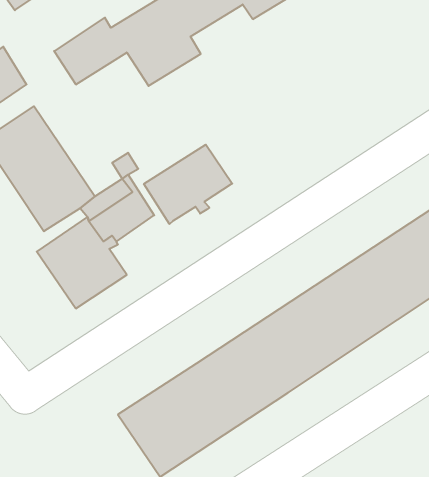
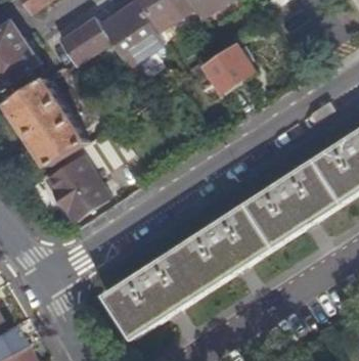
building: none -> [204,44,254,92]
building: [144,145,232,224] -> none

